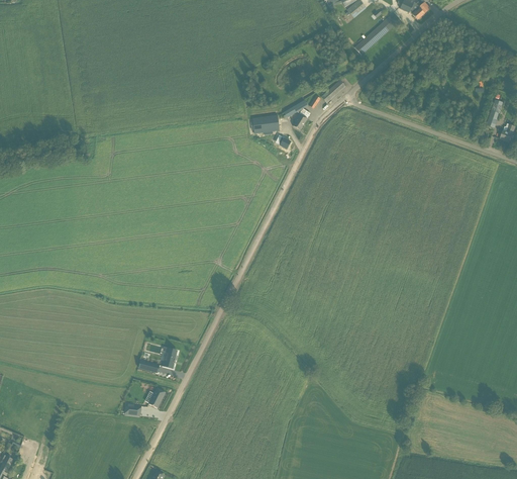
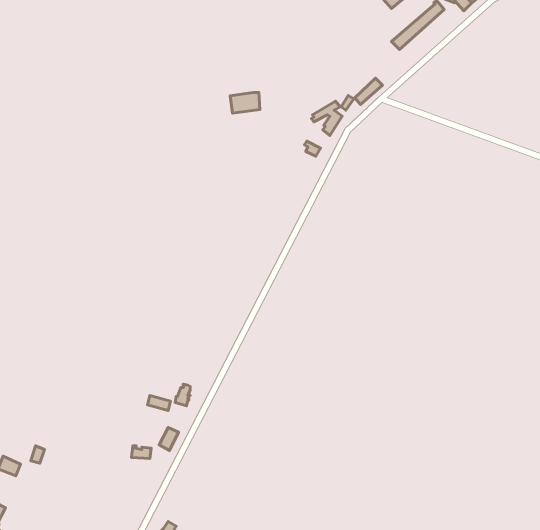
building: [251,114,278,132] -> [230,92,260,113]

